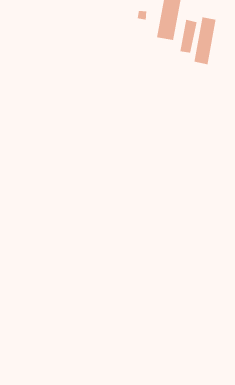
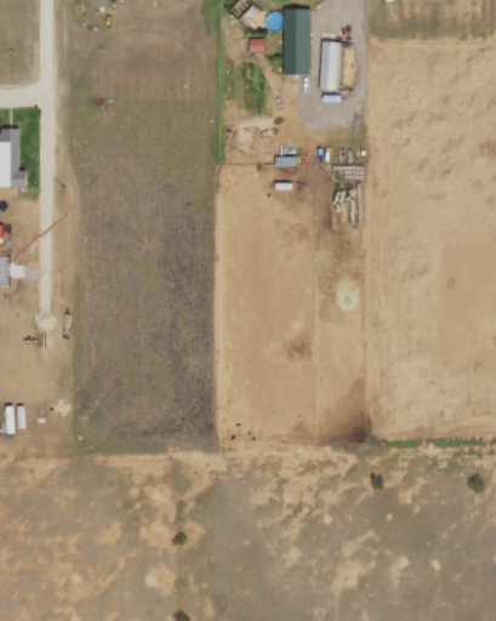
building: [194,16,216,65] -> none

